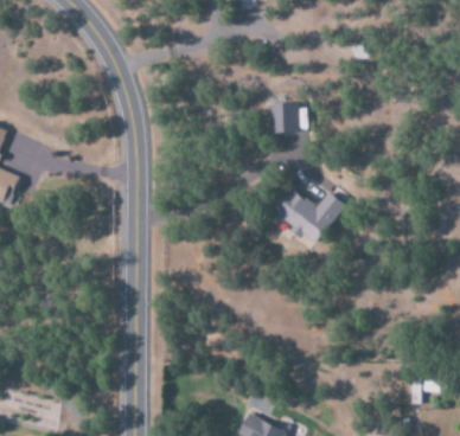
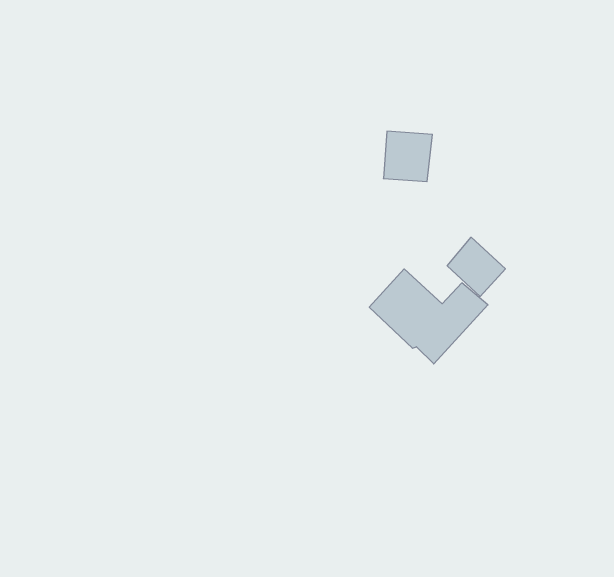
building: none -> [447,237,505,296]

